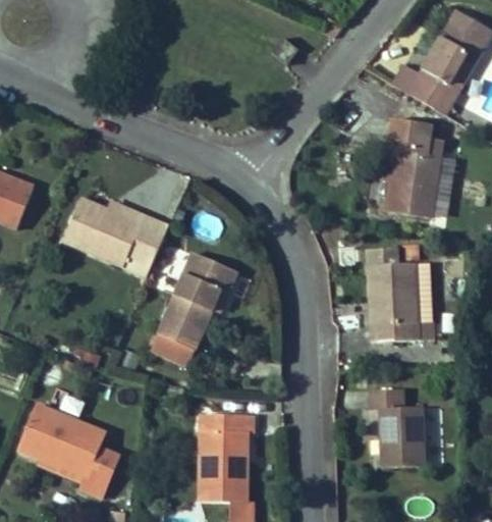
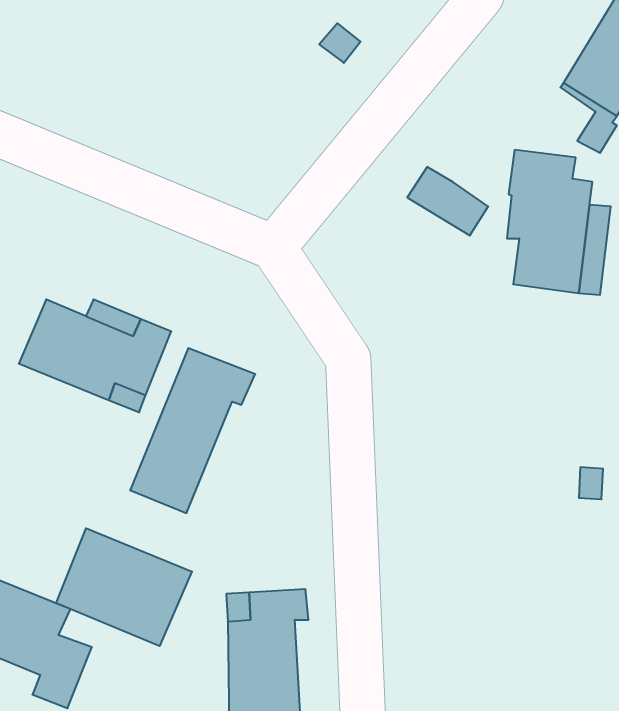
building: [393,63,447,109] -> [407,167,488,236]
building: [367,255,418,345] -> none
building: none -> [56,528,192,646]
building: [372,378,425,459] -> none

